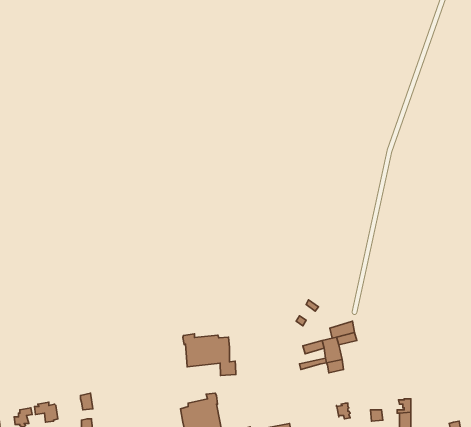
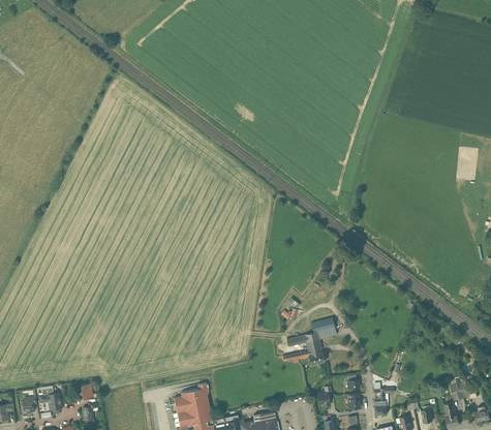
building: [183,334,236,375] -> none

